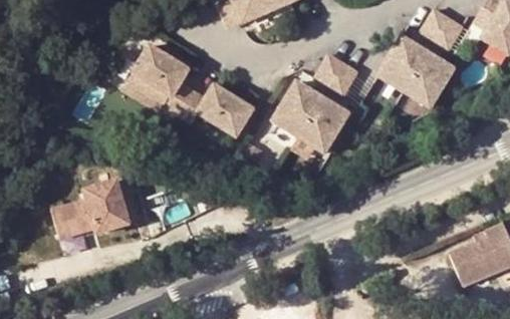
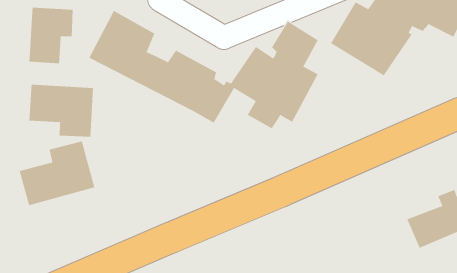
building: none -> [29,7,73,64]
building: none -> [29,84,94,137]

